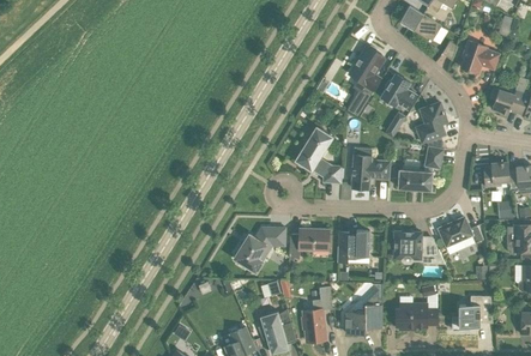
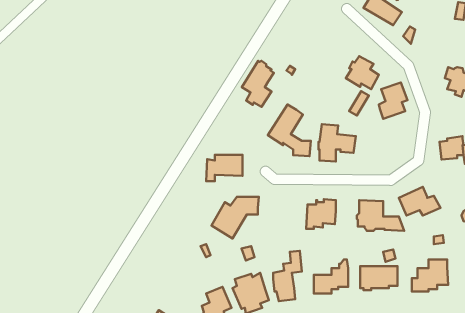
building: [460,40,499,74] -> none
building: [349,46,384,96] -> [242,61,274,107]
building: [398,146,443,191] -> none
building: [289,229,328,258] -> [206,155,242,181]

